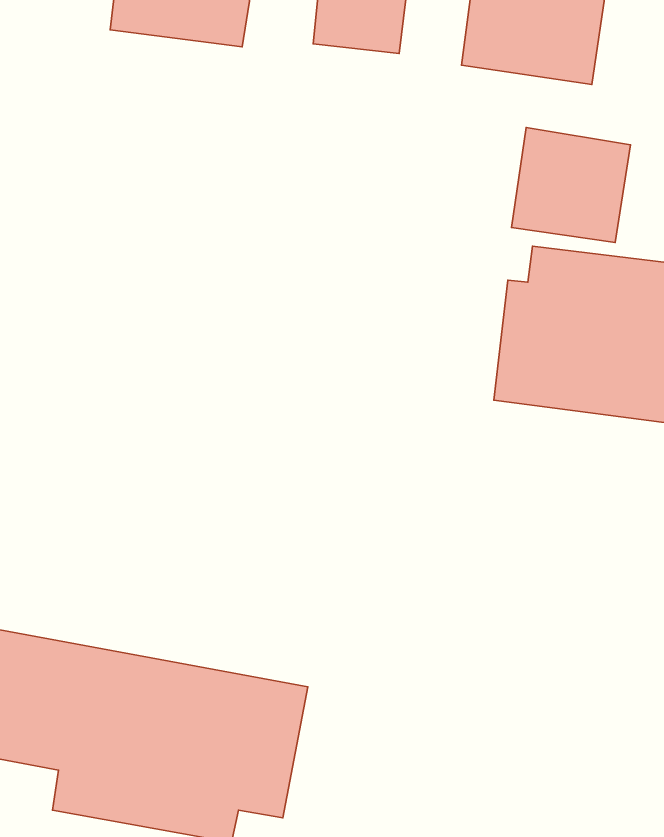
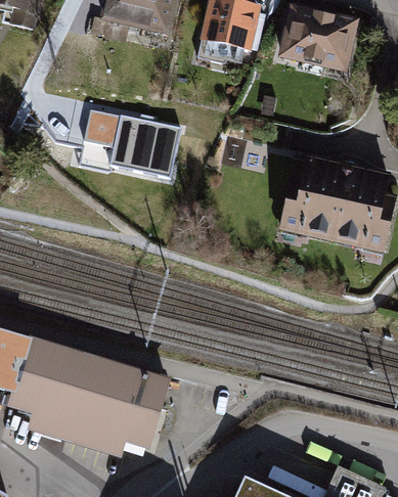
building: [511,127,631,243] -> none
building: none -> [84,111,181,179]

